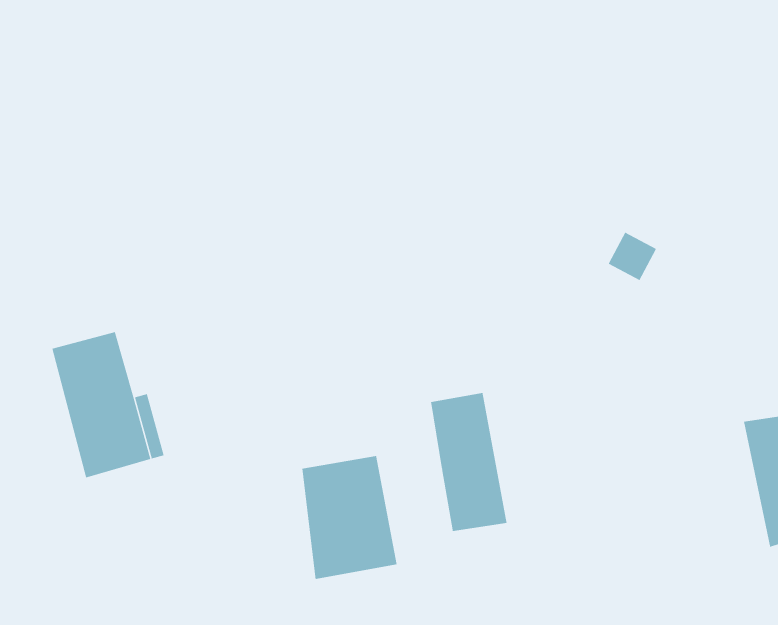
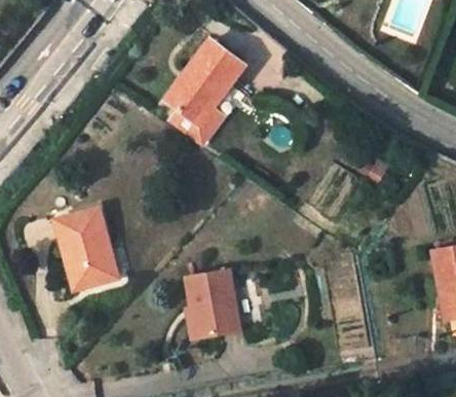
building: none -> [165,39,243,143]
building: [430,392,507,532] -> none

